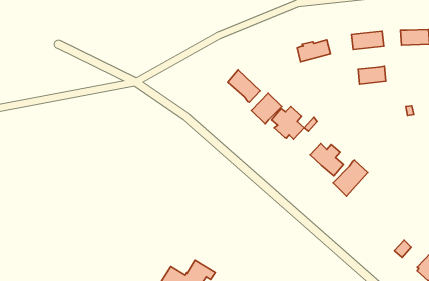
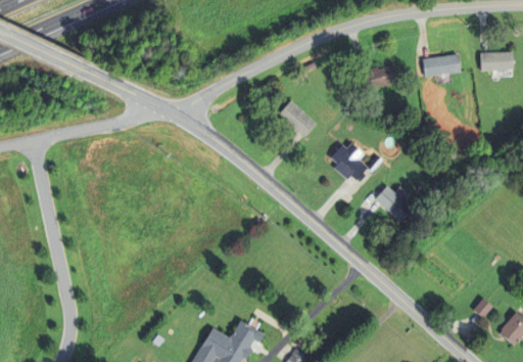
building: [358,66,386,84] -> none
building: [252,93,282,124] -> none
building: [333,160,368,196] -> none

